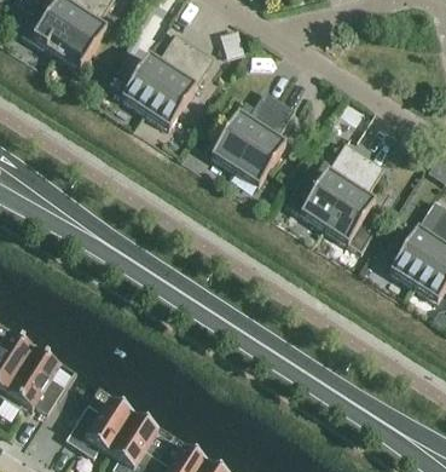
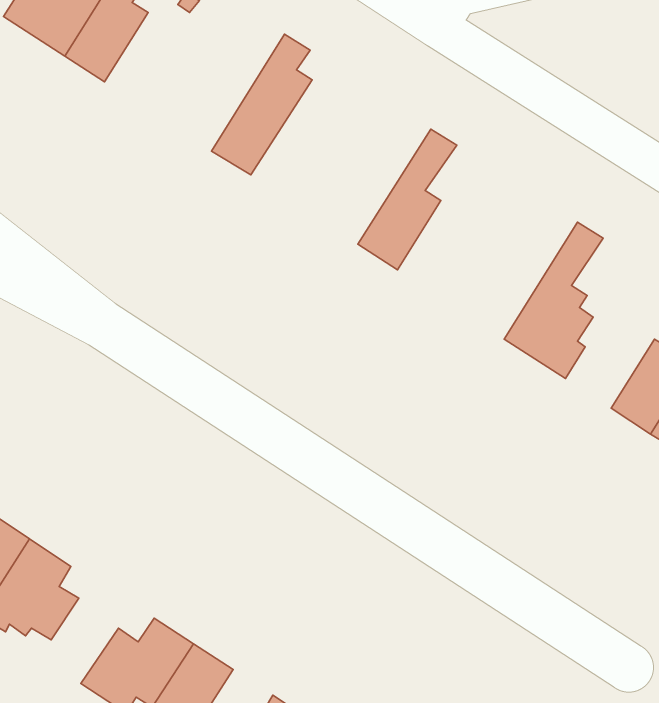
building: [120,31,189,113] -> none
building: [209,90,278,169] -> none
building: [284,146,367,228] -> none

